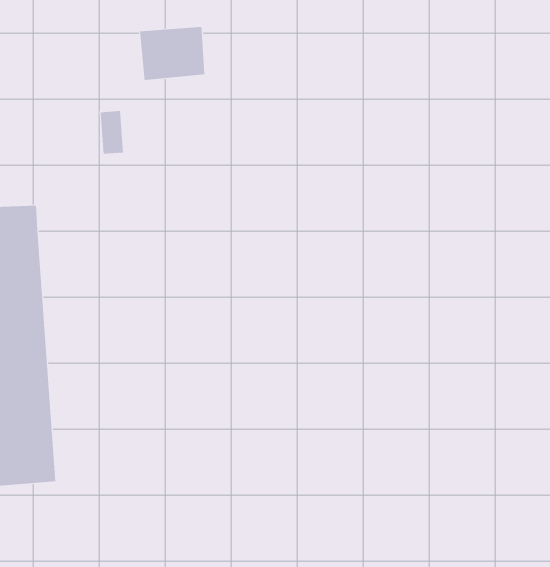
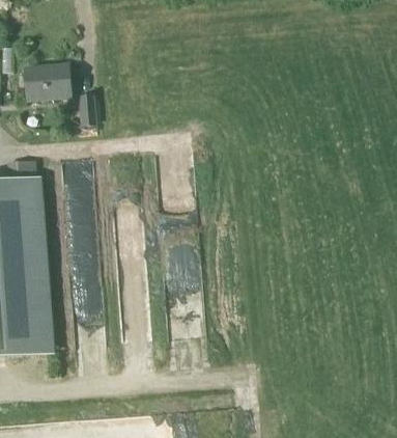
building: [139,27,205,81] -> [25,62,70,100]

